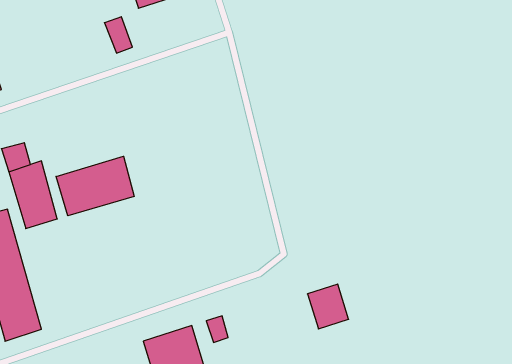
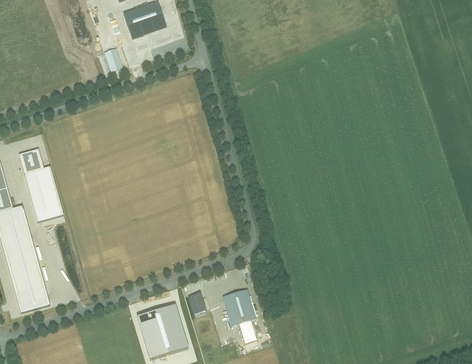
building: [56,156,134,216] -> none
building: [307,284,349,329] -> [221,289,255,326]

